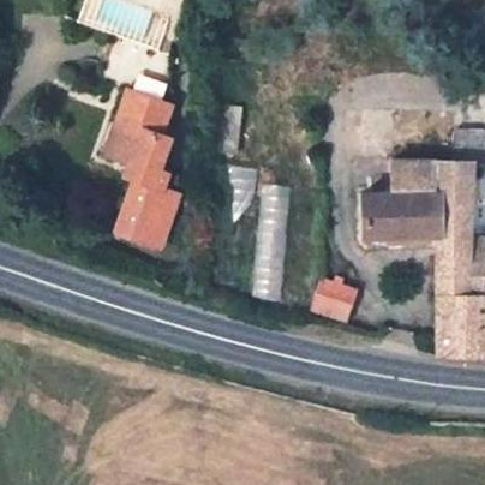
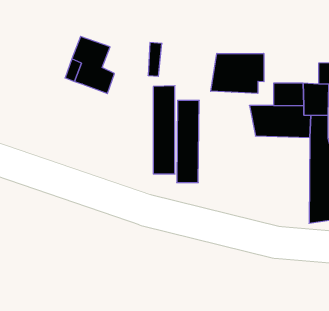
building: none -> [211,53,264,93]
building: [115,161,181,250] -> none
building: [315,276,359,317] -> none

